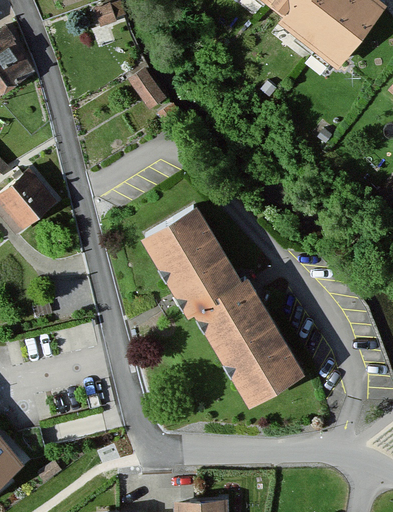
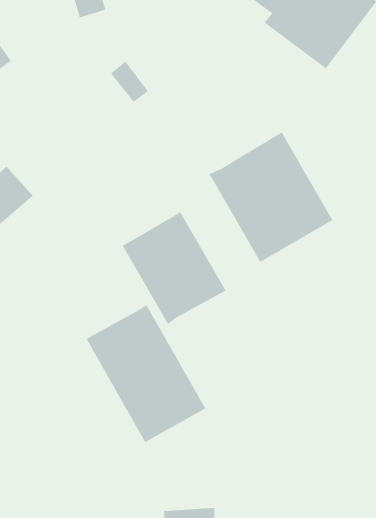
building: none -> [209,131,333,263]
building: [192,282,308,415] -> [86,305,206,443]

